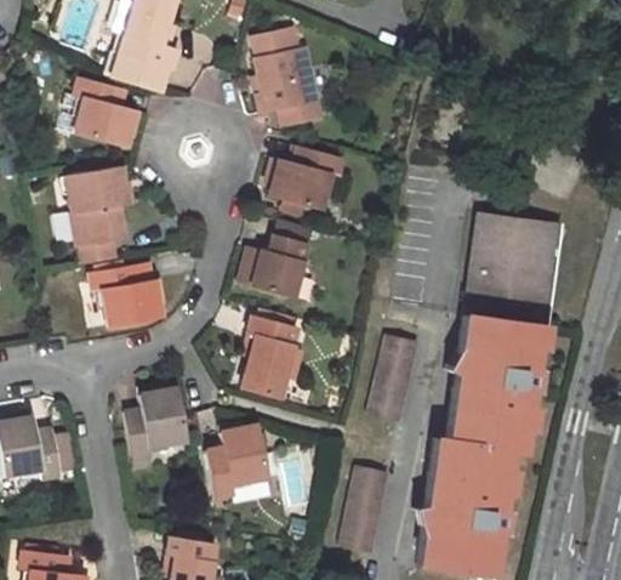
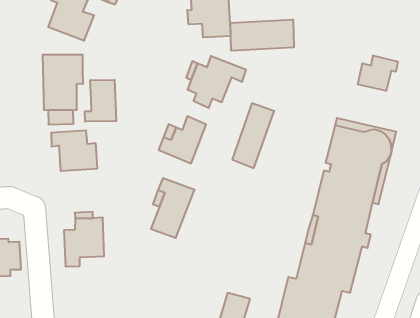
building: none -> [231,19,294,51]
building: none -> [358,55,398,91]
building: none -> [85,80,116,122]
building: [369,332,418,420] -> [232,103,274,168]
building: [206,426,268,495] -> none

